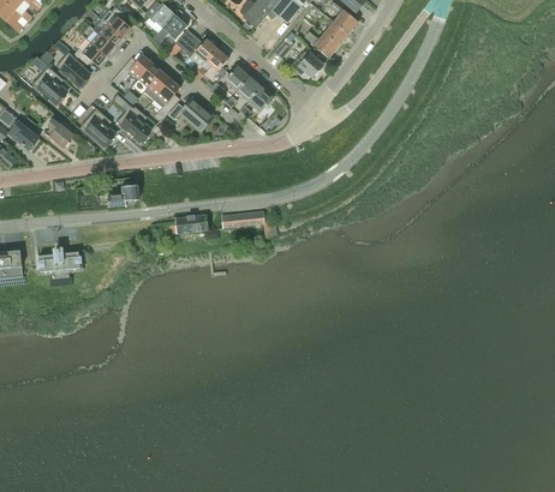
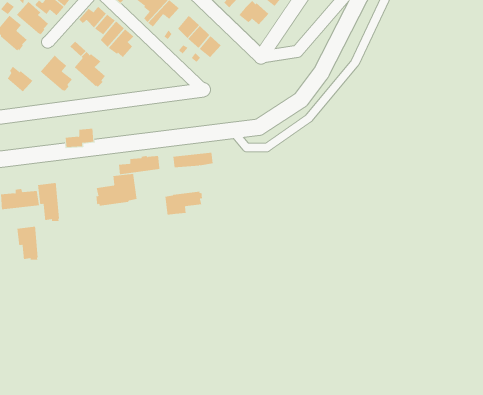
building: [168,97,214,131] -> none
building: none -> [96,173,137,207]
building: none -> [37,182,60,222]
building: none -> [165,191,202,215]
building: none -> [17,226,38,260]

